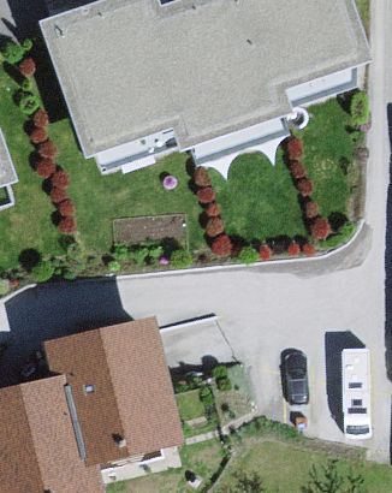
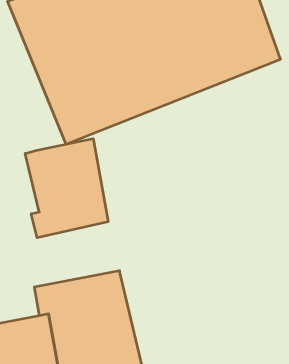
building: none -> [25,139,108,238]

